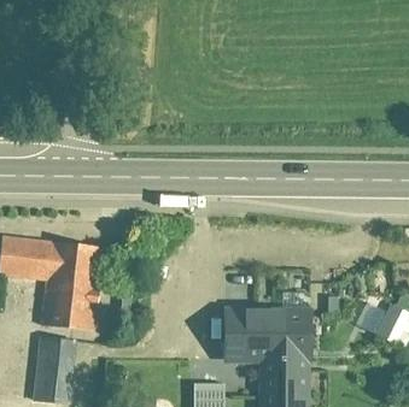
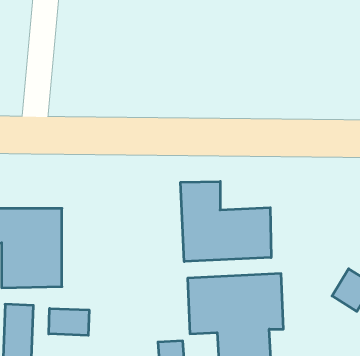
building: none -> [181,181,271,262]
building: none -> [49,308,89,335]

